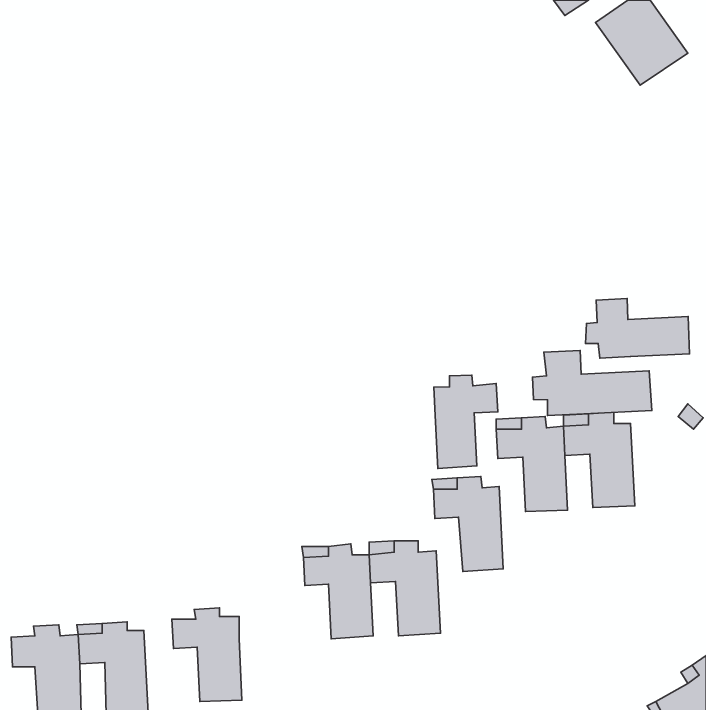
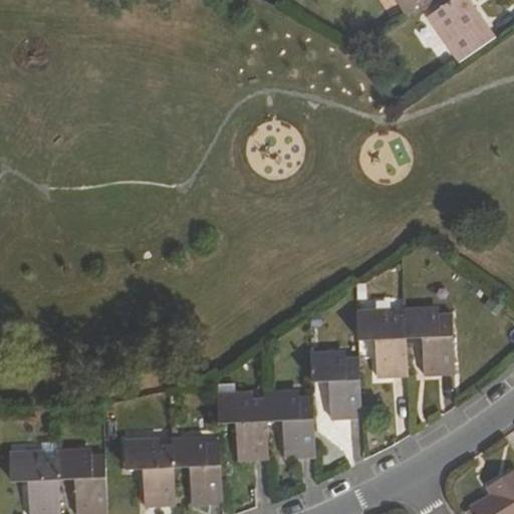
building: [586,299,689,358] -> none
building: [533,350,652,416] -> none
building: [434,375,498,468] -> none
building: none -> [171,433,222,500]

